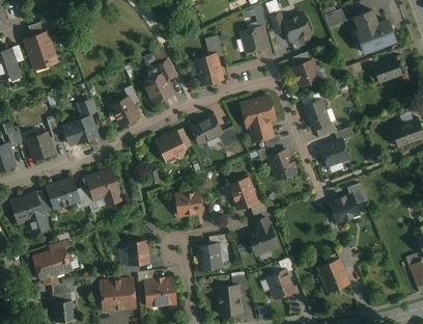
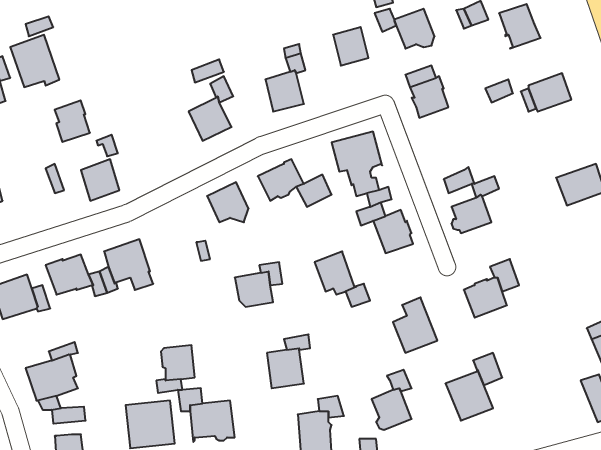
building: [360,20,395,53] -> none
building: [114,98,137,126] -> none
building: [304,100,330,130] -> none
building: [29,132,53,160] -> [55,100,90,142]
building: [248,217,278,254] -> [393,297,437,353]

